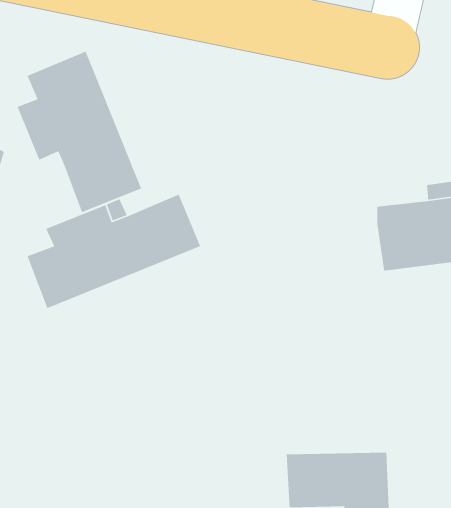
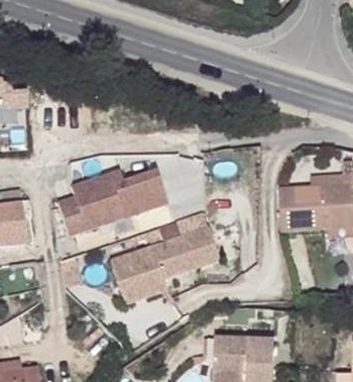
building: [16,50,142,213] -> none
building: none -> [113,225,221,299]

